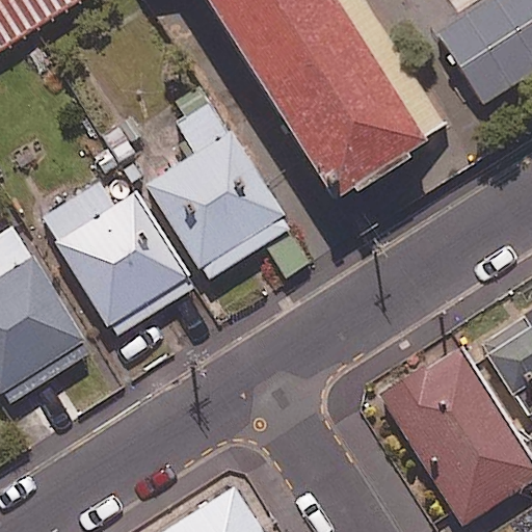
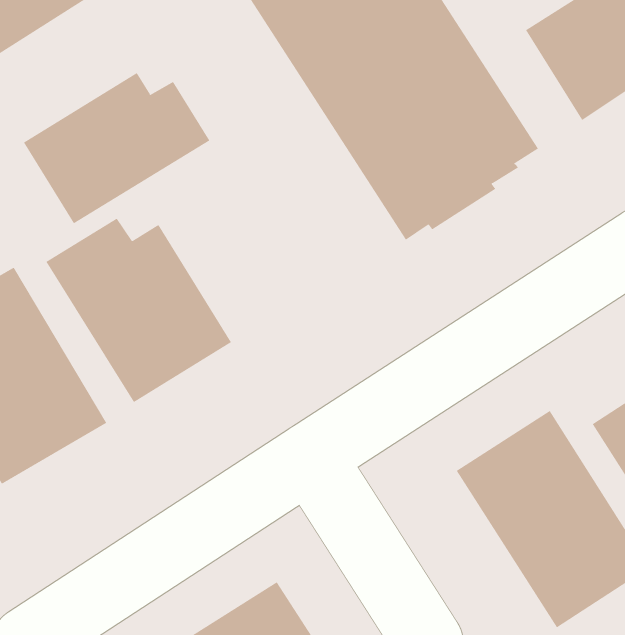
building: none -> [23,72,210,224]
building: [144,100,310,278] -> none

